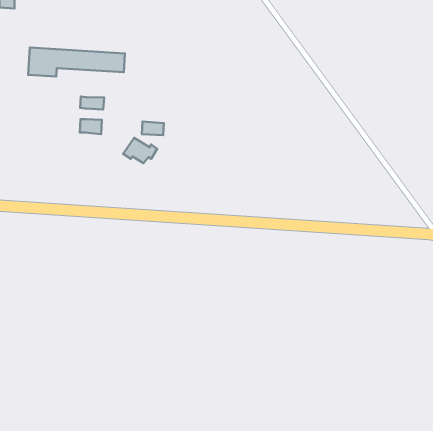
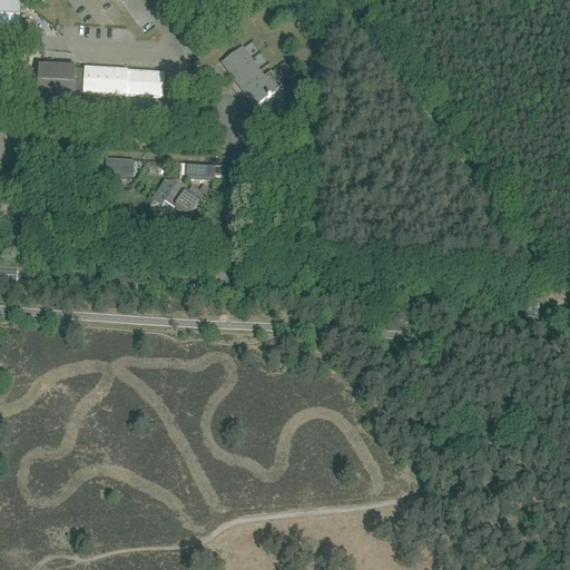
building: none -> [222,45,274,104]
building: [80,96,104,109] -> none

